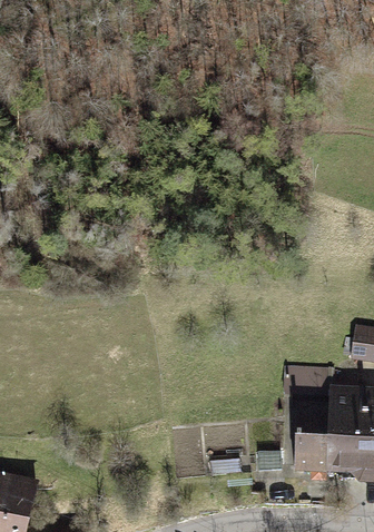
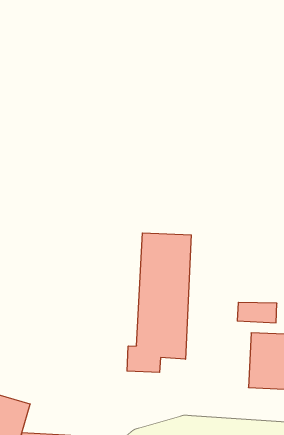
building: none -> [127,233,191,372]

